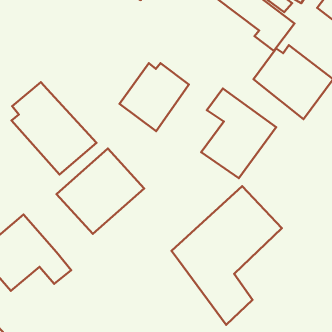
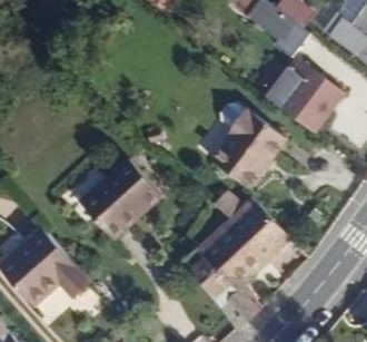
building: [119,63,189,131] -> none
building: [11,82,96,174] -> none

